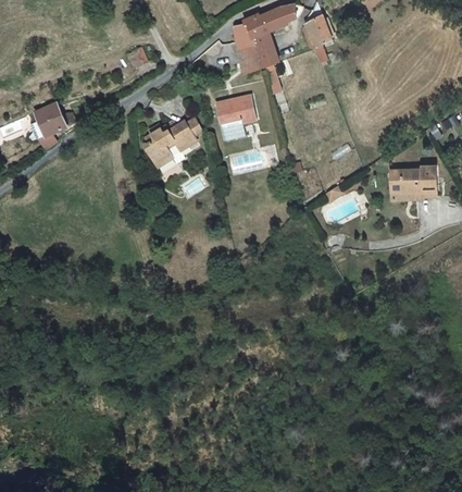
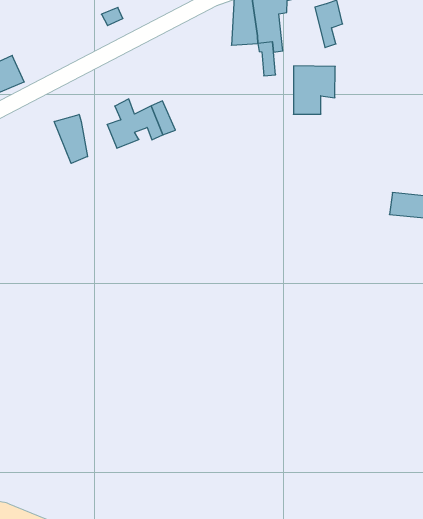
building: [217,96,255,140] -> [293,66,335,114]
building: none -> [54,114,88,163]

